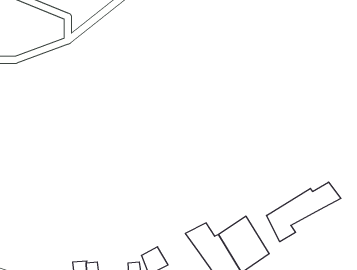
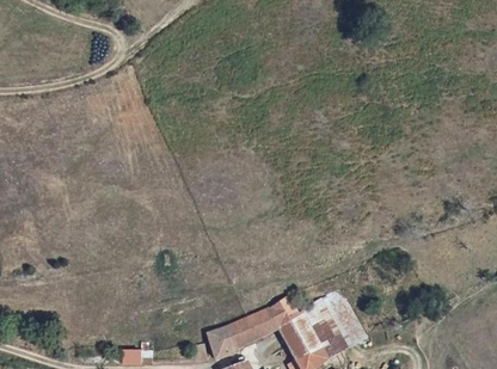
building: [266,182,341,242] -> none
building: none -> [226,309,276,349]

